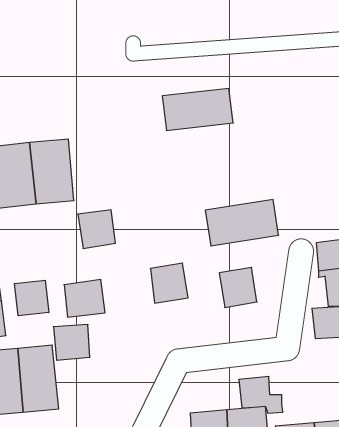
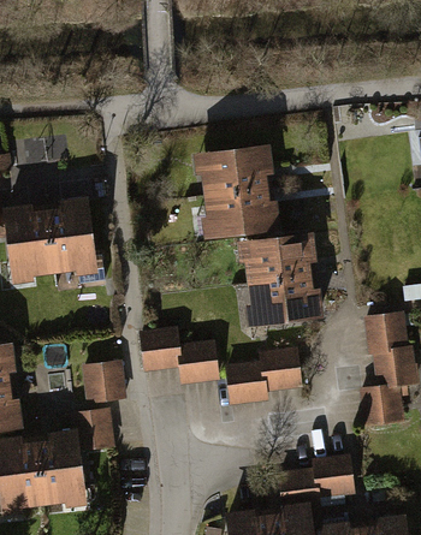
building: none -> [198,185,279,238]
building: none -> [236,233,318,283]
building: [78,210,115,249] -> [140,329,182,373]
building: none -> [221,357,263,402]
building: [15,280,49,316] -> none
building: none -> [313,457,352,498]

